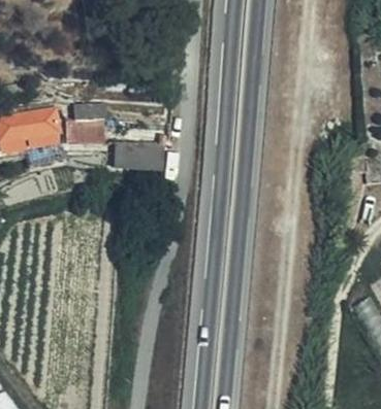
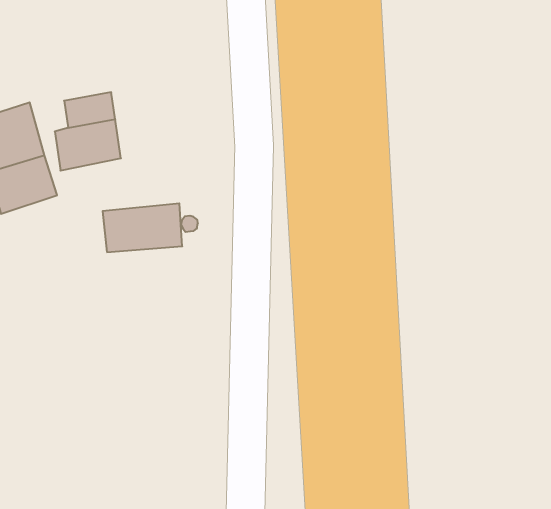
building: [116,142,163,170] -> [103,203,182,252]

